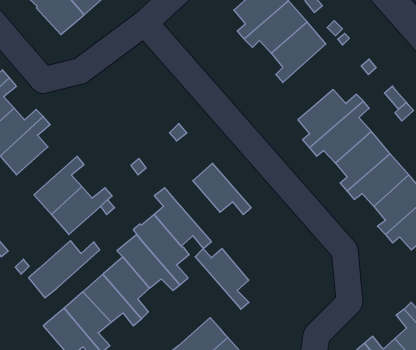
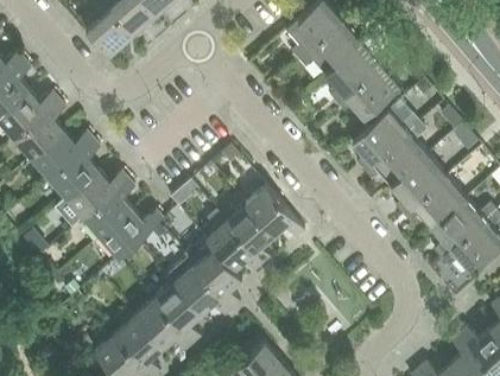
building: none -> [337,64,401,126]
building: [29,241,100,298] -> [56,168,128,227]
building: [195,249,249,309] -> [219,203,273,265]

